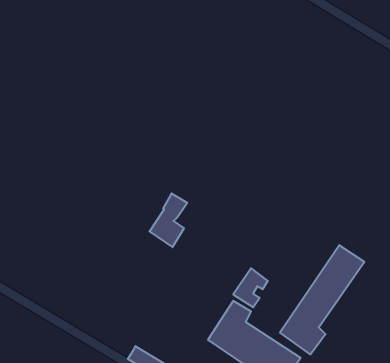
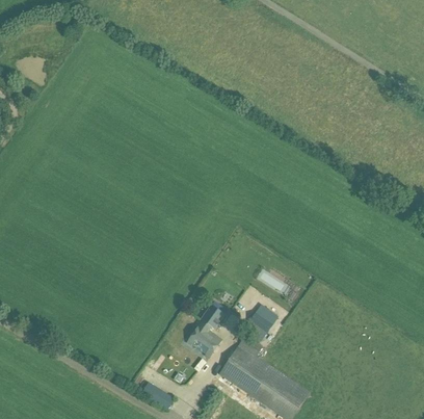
building: [149,193,187,247] -> [187,305,224,358]
building: [280,245,364,355] -> none

